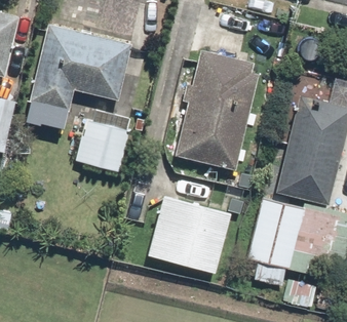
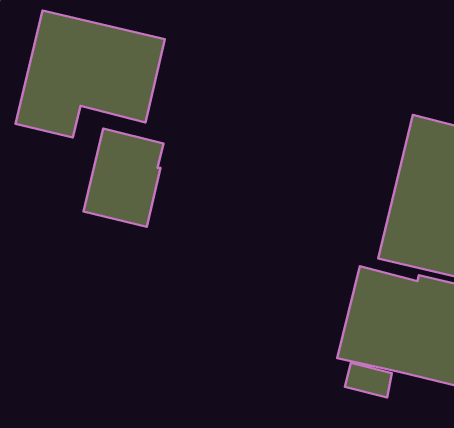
building: [175,51,258,169] -> none
building: [148,197,229,273] -> none

